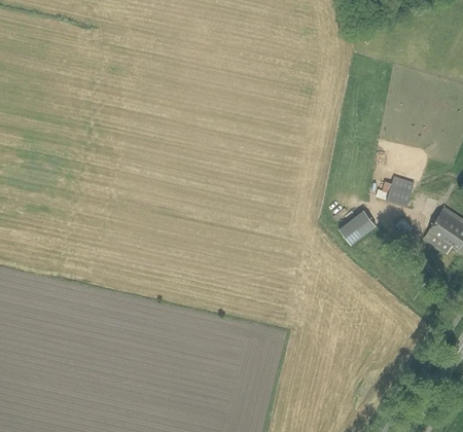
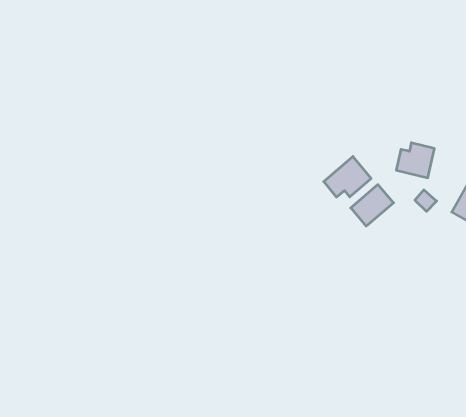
building: none -> [324,156,371,197]

